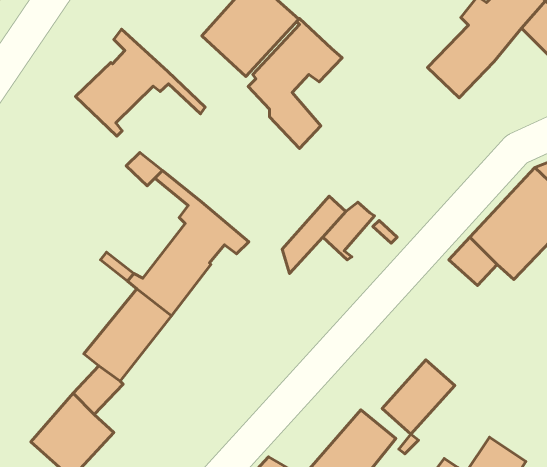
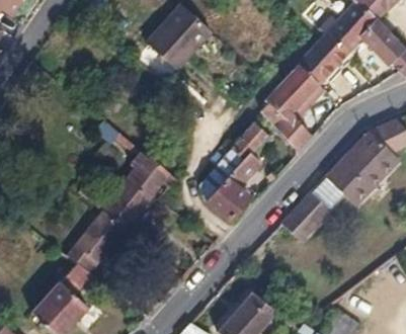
building: [248,18,342,149] -> [262,63,325,150]
building: [76,29,205,136] -> none
building: none -> [231,121,268,160]
building: none -> [205,176,248,219]
building: [382,360,455,434] -> [281,191,330,241]

